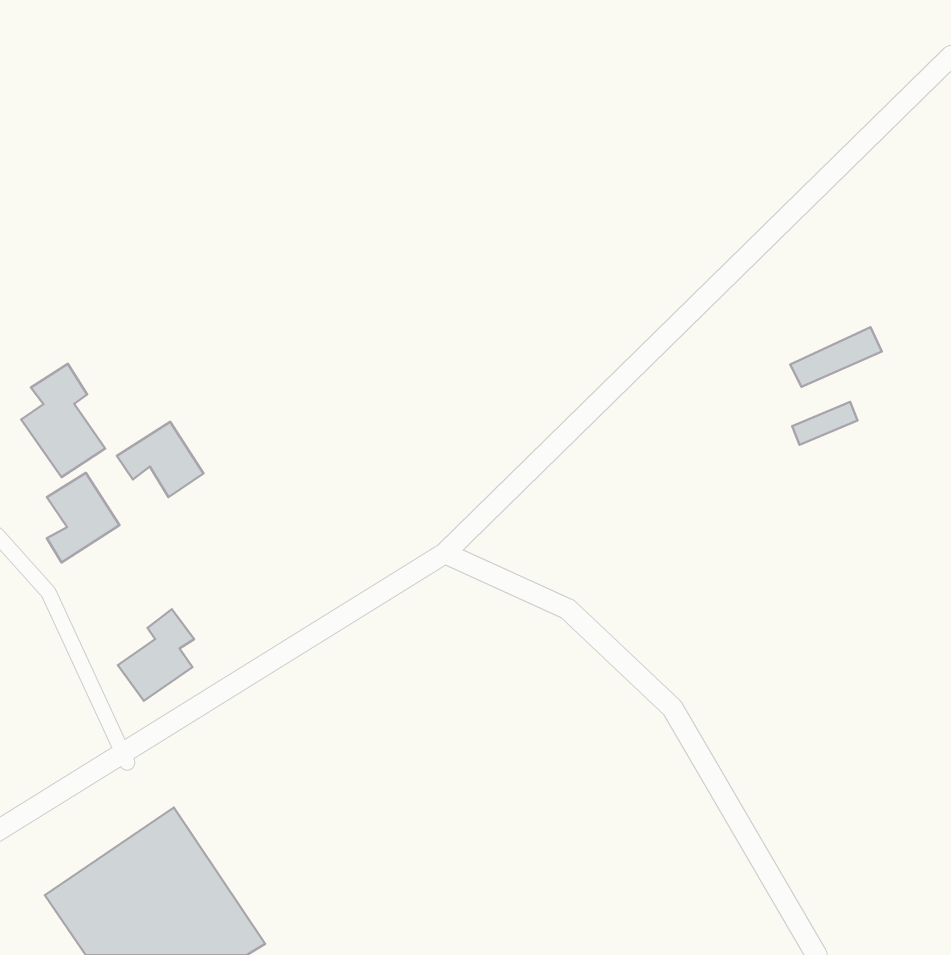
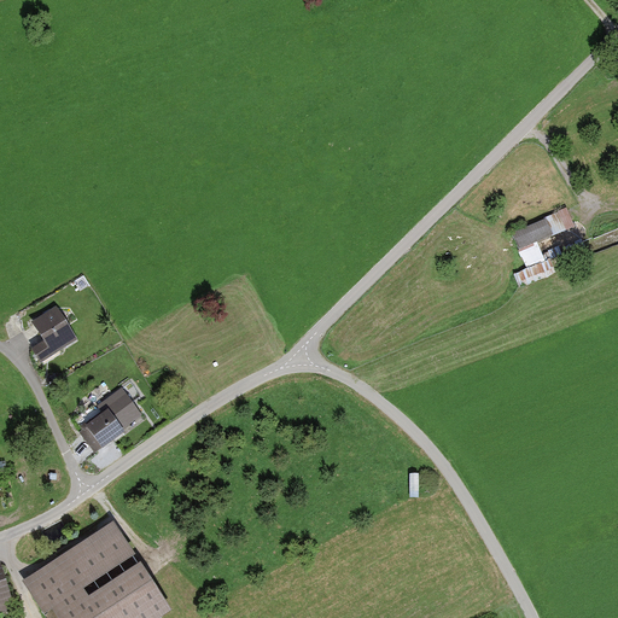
building: [21,364,105,477] -> none
building: [117,422,204,497] -> none

